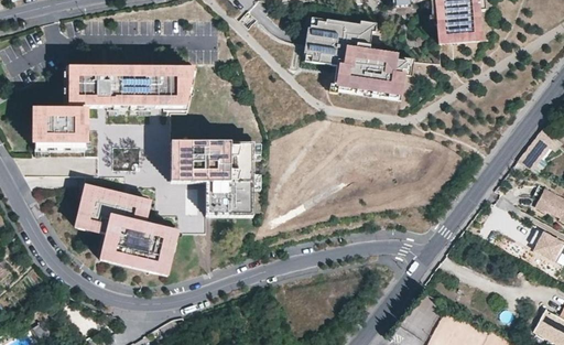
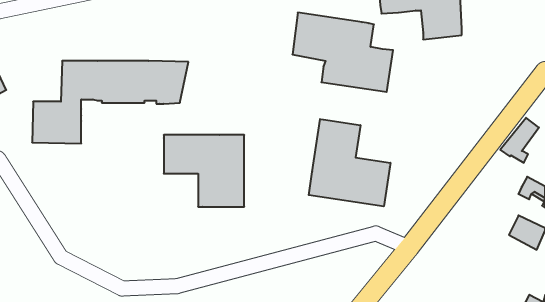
building: none -> [309,119,390,206]
building: [75,184,177,273] -> none

